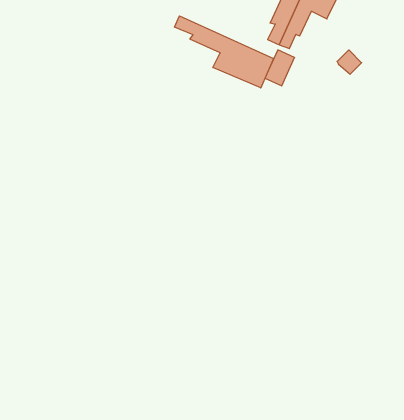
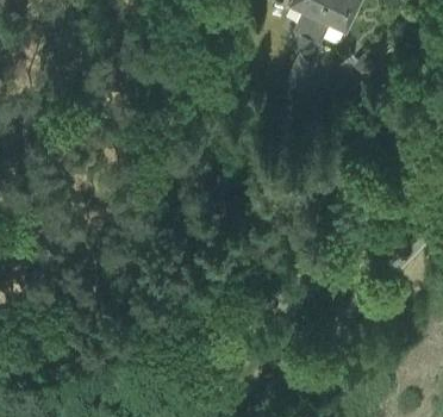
building: [174,16,273,88] -> none

